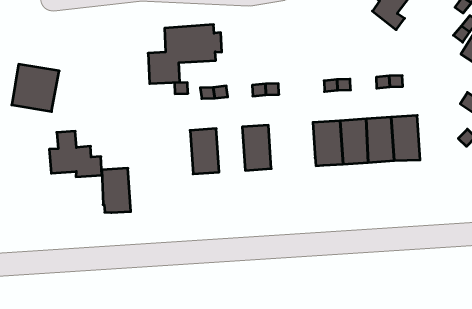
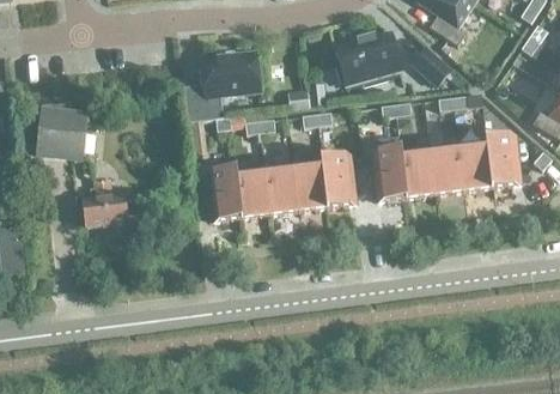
building: none -> [334,30,400,85]
building: none -> [410,47,450,85]
building: none -> [485,134,519,187]
building: none -> [321,154,355,206]
building: none -> [263,162,298,213]
building: [102,168,131,213] -> [206,169,241,219]

